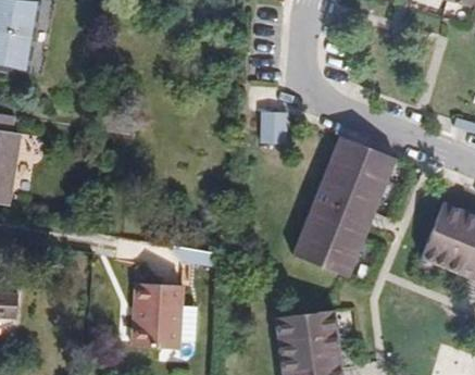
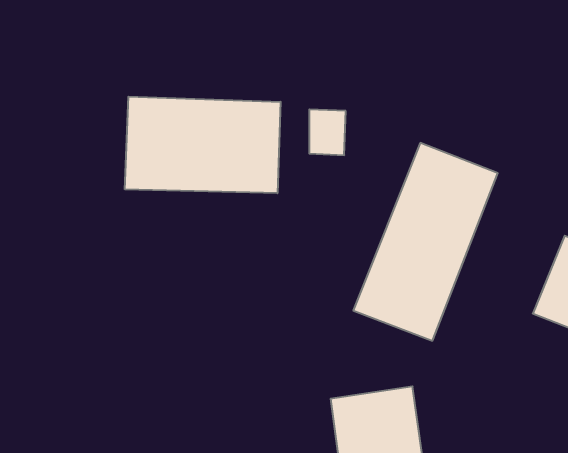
building: none -> [125,97,281,193]
building: [128,282,179,347] -> none

